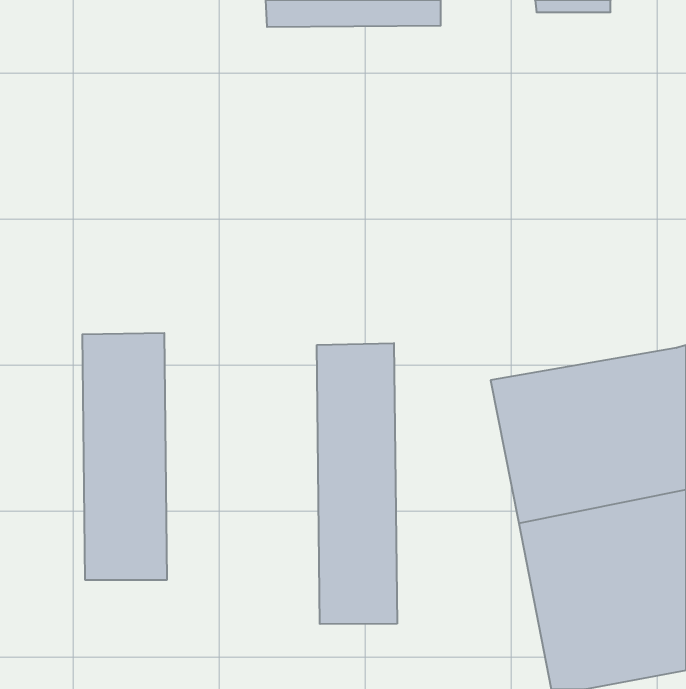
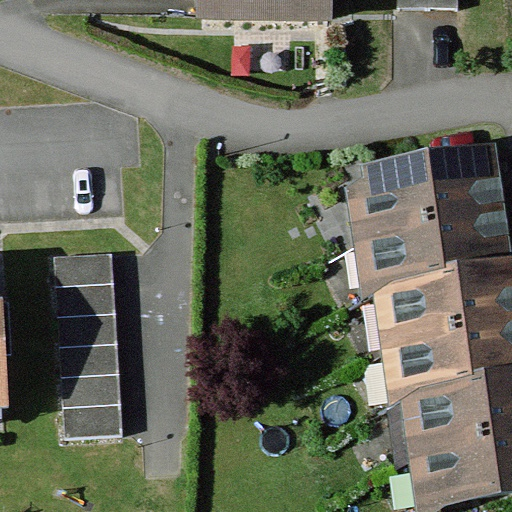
building: none -> [342,145,502,282]
building: [317,343,397,624] -> none

